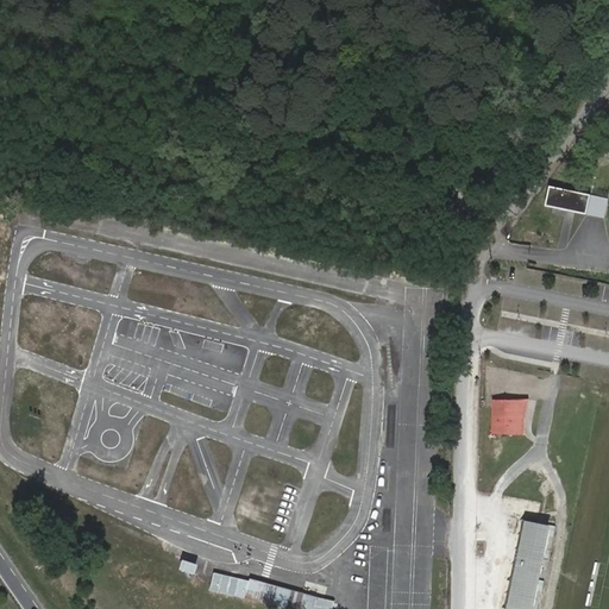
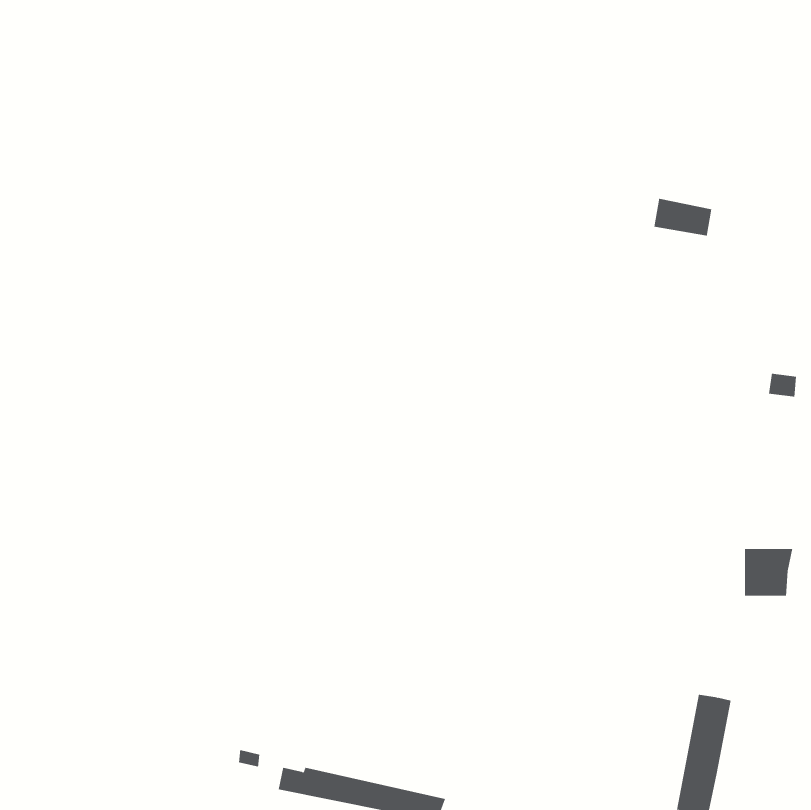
building: [558,187,602,215] -> [654,198,712,236]
building: [494,400,530,435] -> [744,548,793,596]

